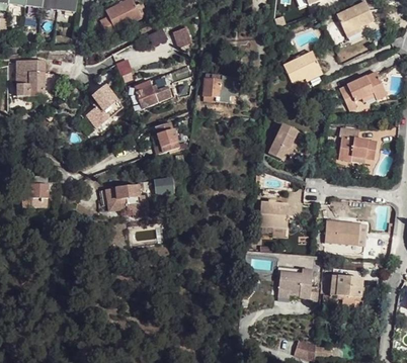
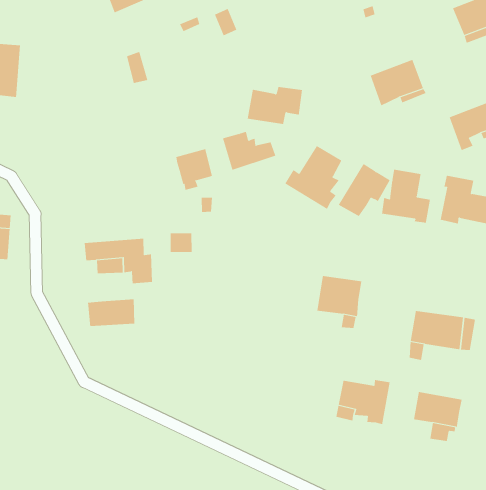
building: [86,79,123,125] -> none
building: [134,80,171,107] -> [222,131,276,170]
building: none -> [284,145,342,210]
building: none -> [382,169,431,224]
building: none -> [88,298,135,327]

